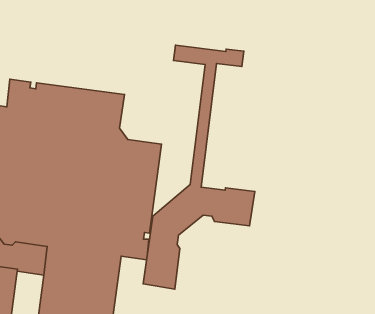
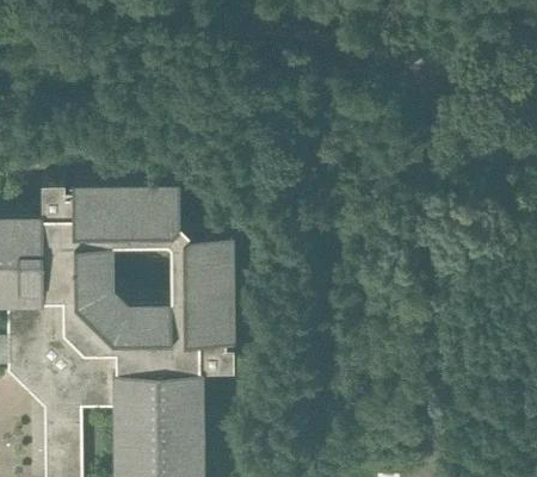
building: [143,45,255,289] -> none

